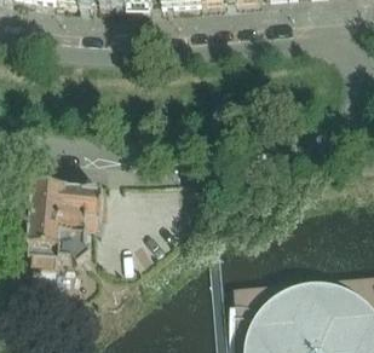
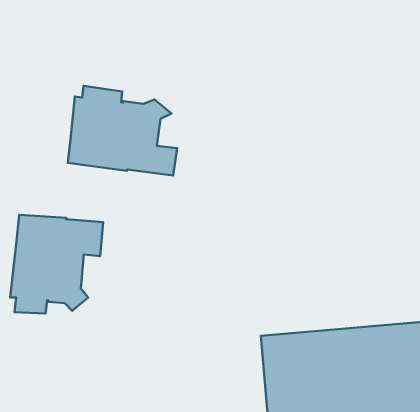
building: none -> [68,86,177,175]

